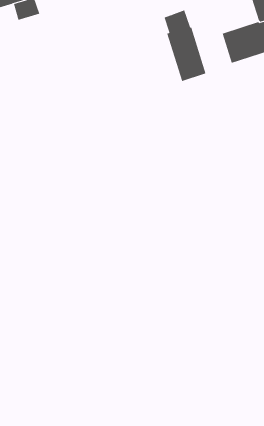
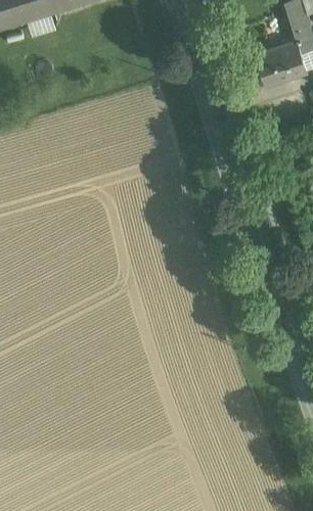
building: [164,10,206,82] -> none

